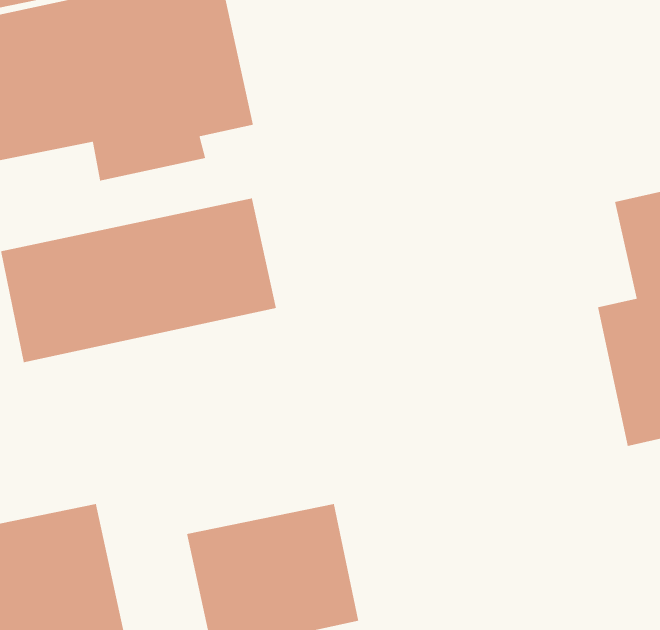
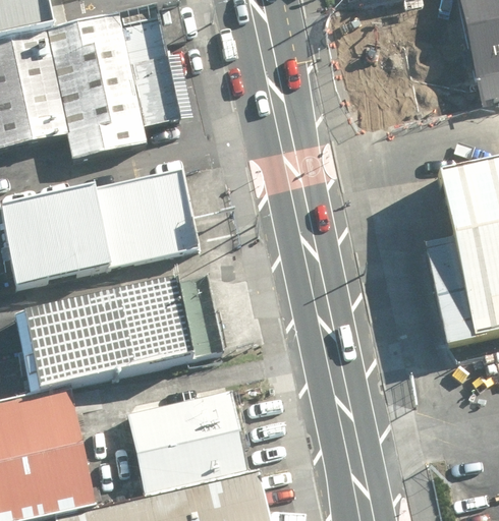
building: none -> [17,271,221,390]

